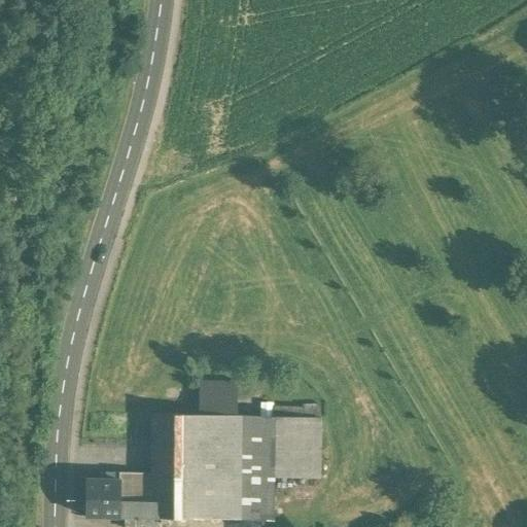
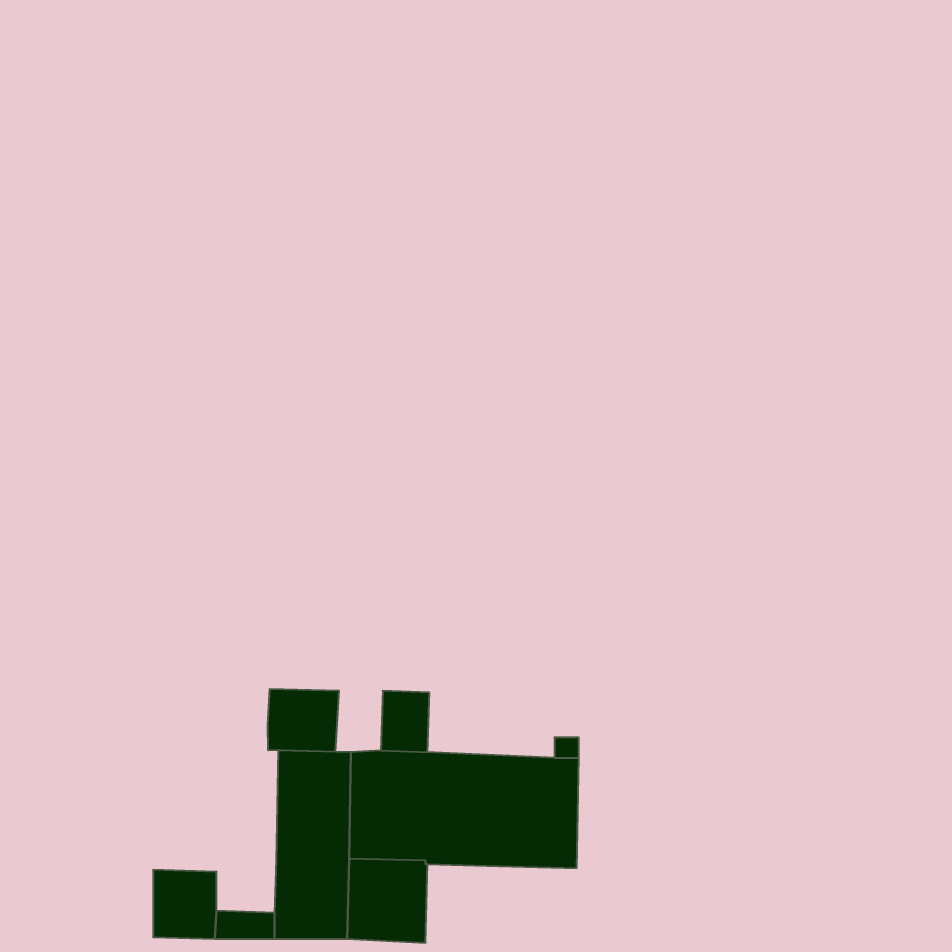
building: none -> [268,689,339,752]
building: [120,475,153,503] -> none
building: [236,477,276,520] -> none

